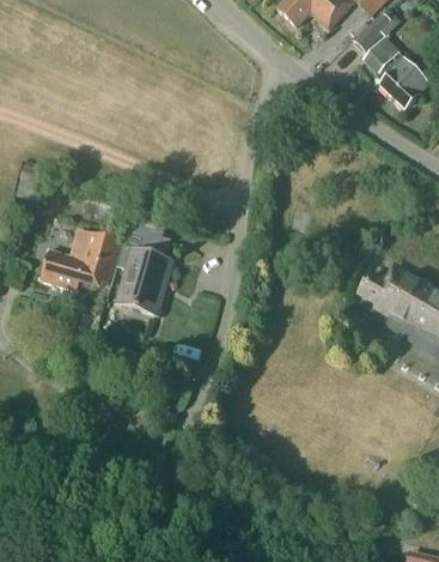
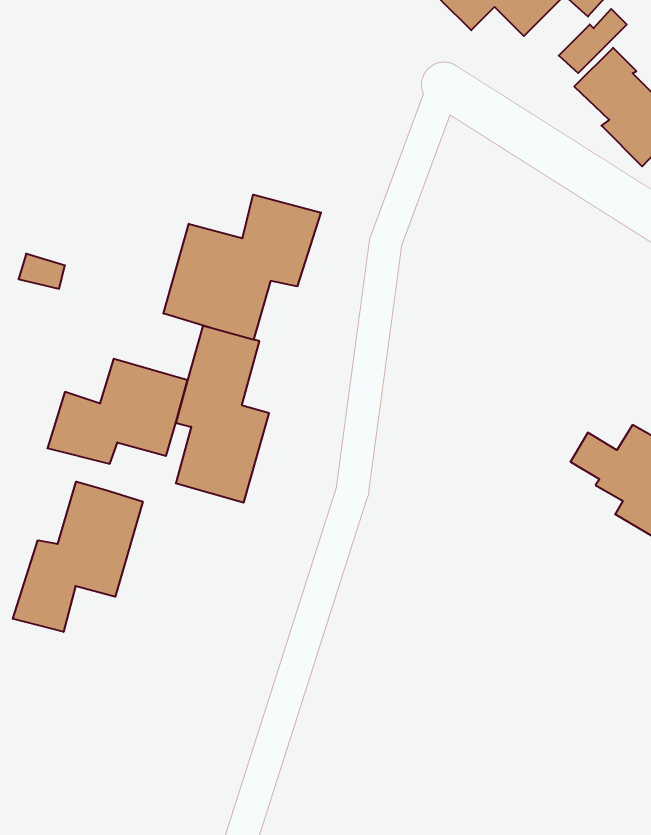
building: none -> [163,195,321,340]
building: none -> [13,482,143,632]

